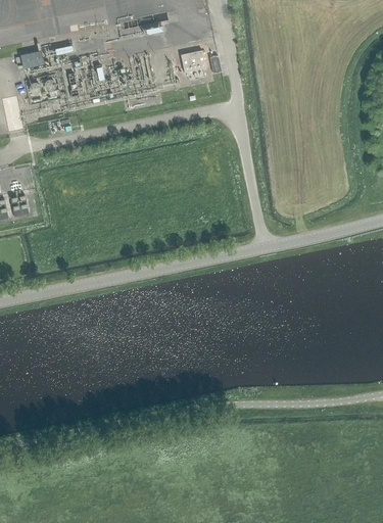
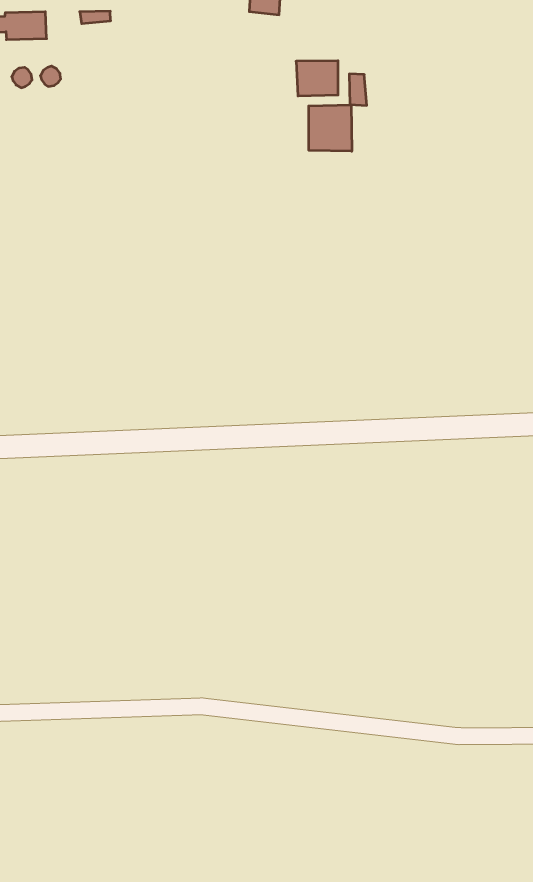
building: none -> [309,105,352,151]

